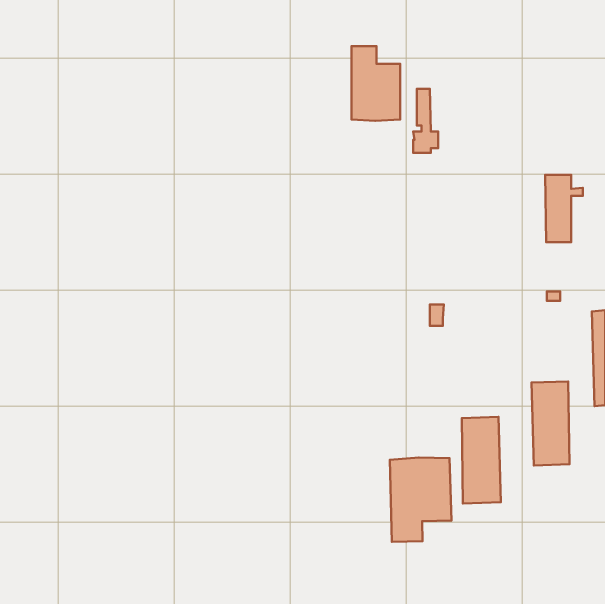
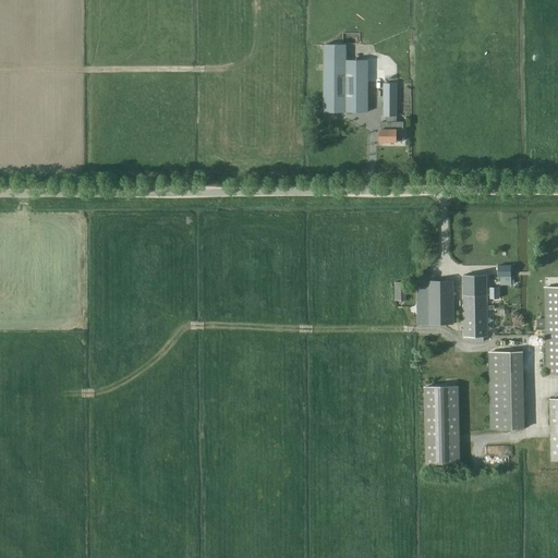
building: [545,175,583,242] -> [463,274,498,336]
building: none -> [418,281,454,329]
building: [390,458,451,542] -> none

